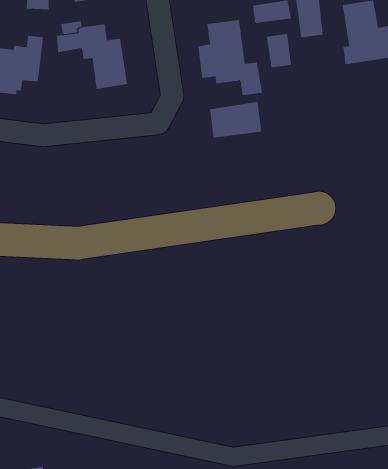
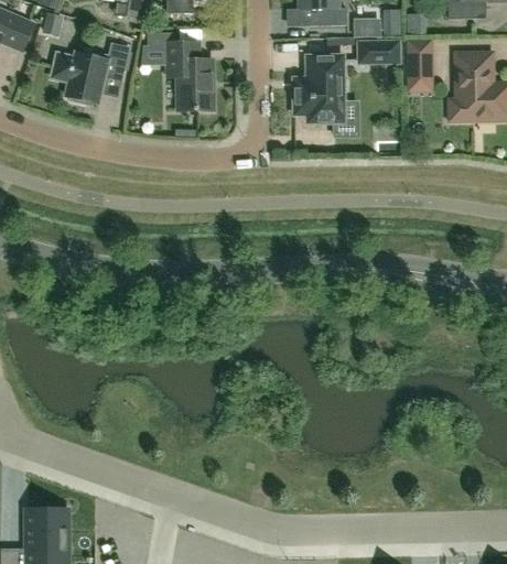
building: [266,33,292,68] -> none
building: [209,101,262,138] -> none

